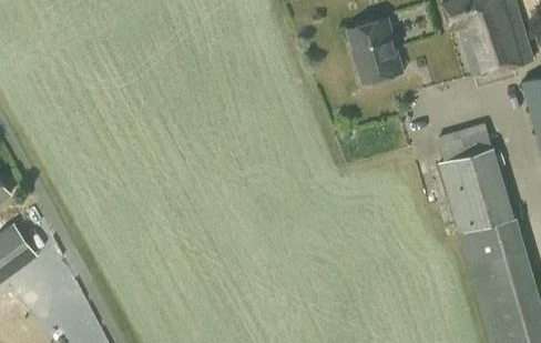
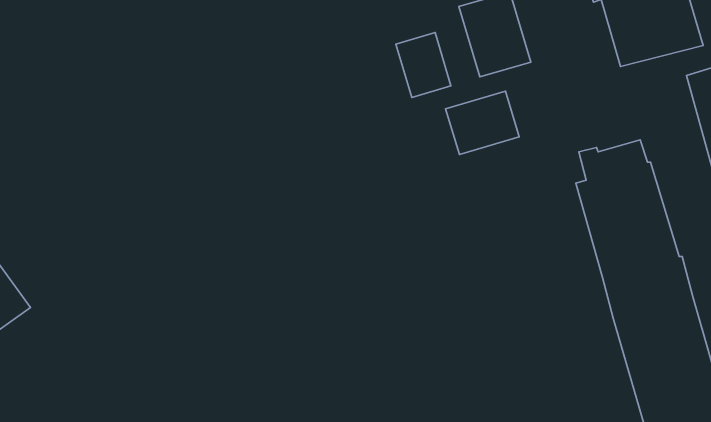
building: none -> [396,33,451,97]
building: none -> [446,91,519,155]

